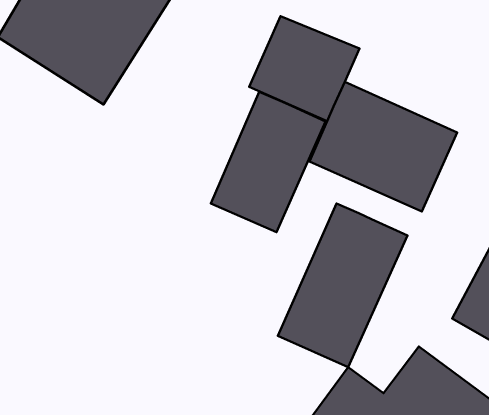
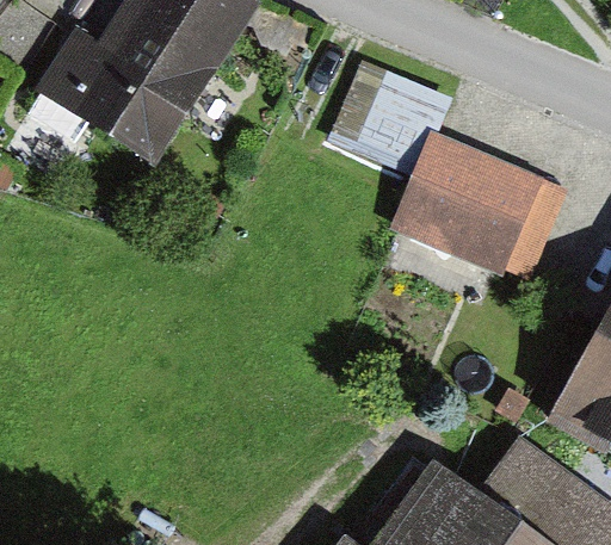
building: [211,92,326,232] -> none
building: [278,203,407,367] -> none

